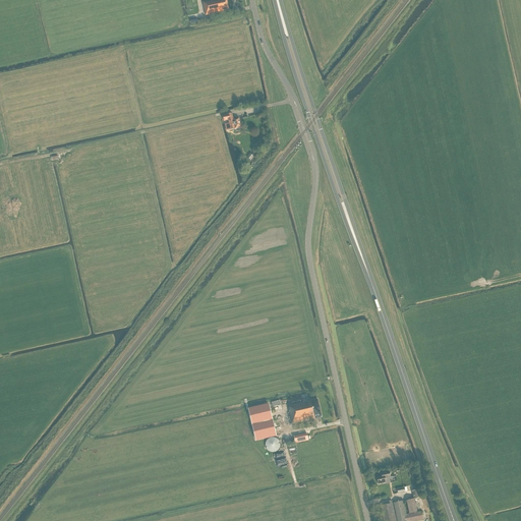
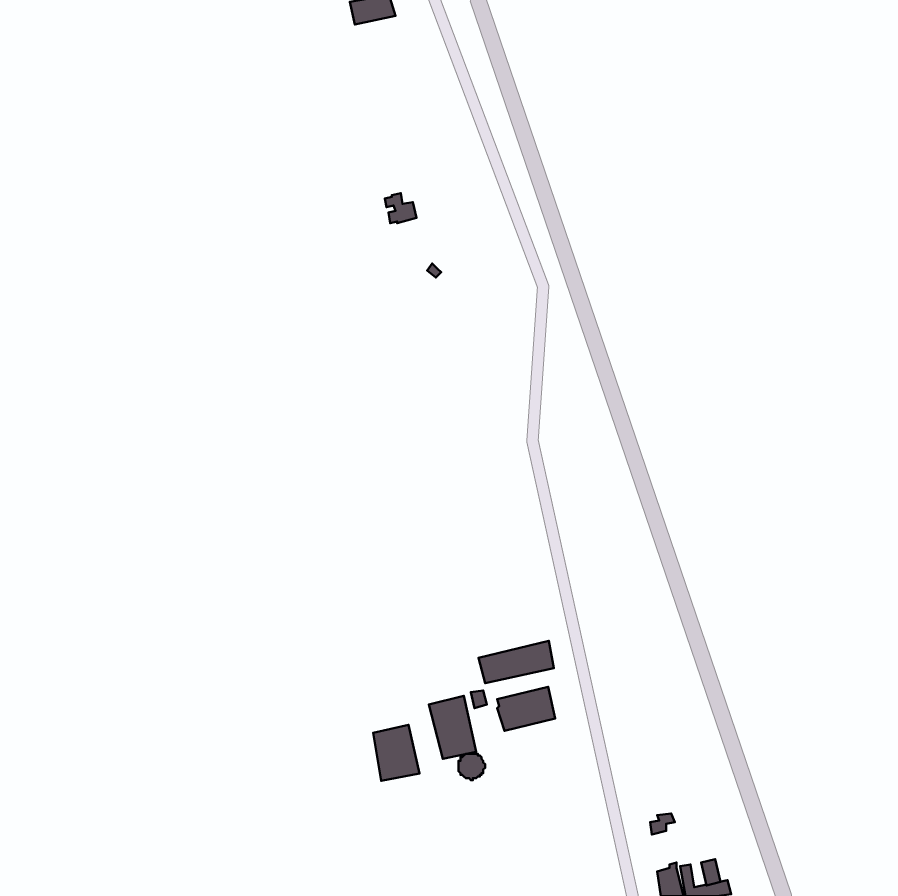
building: none -> [479,641,554,683]
building: none -> [373,725,419,781]

